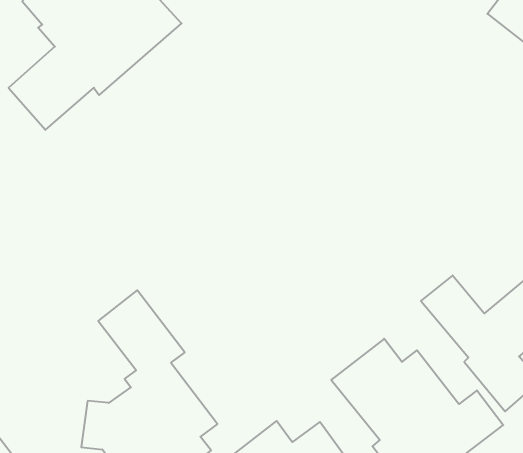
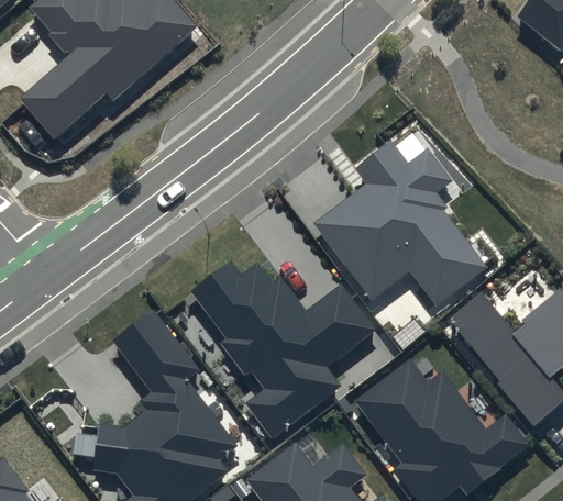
building: none -> [317,142,488,305]
building: none -> [189,258,369,438]

